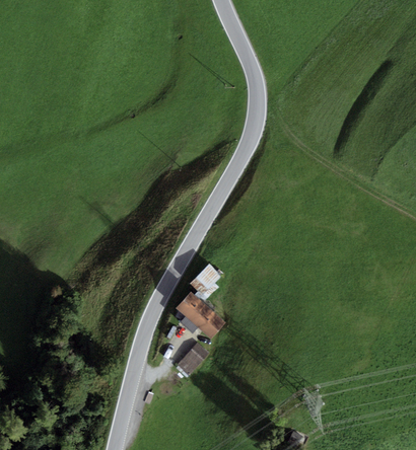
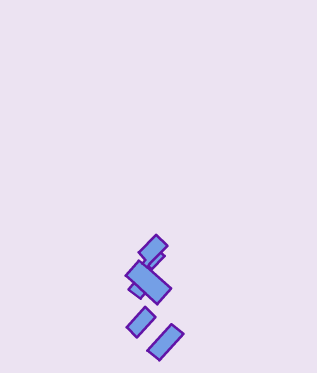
building: none -> [147,324,183,360]

